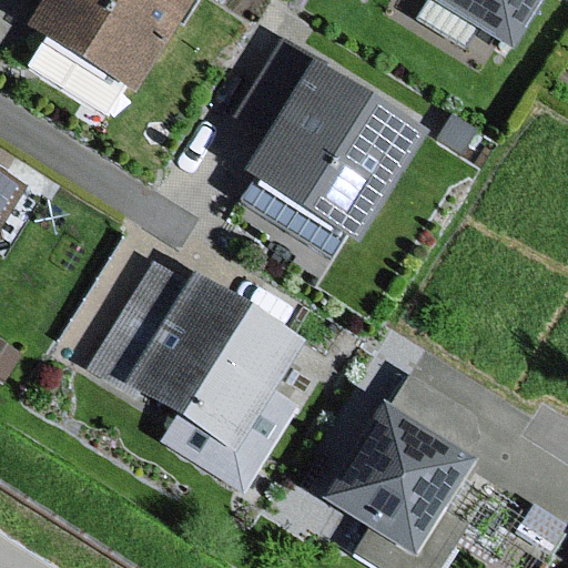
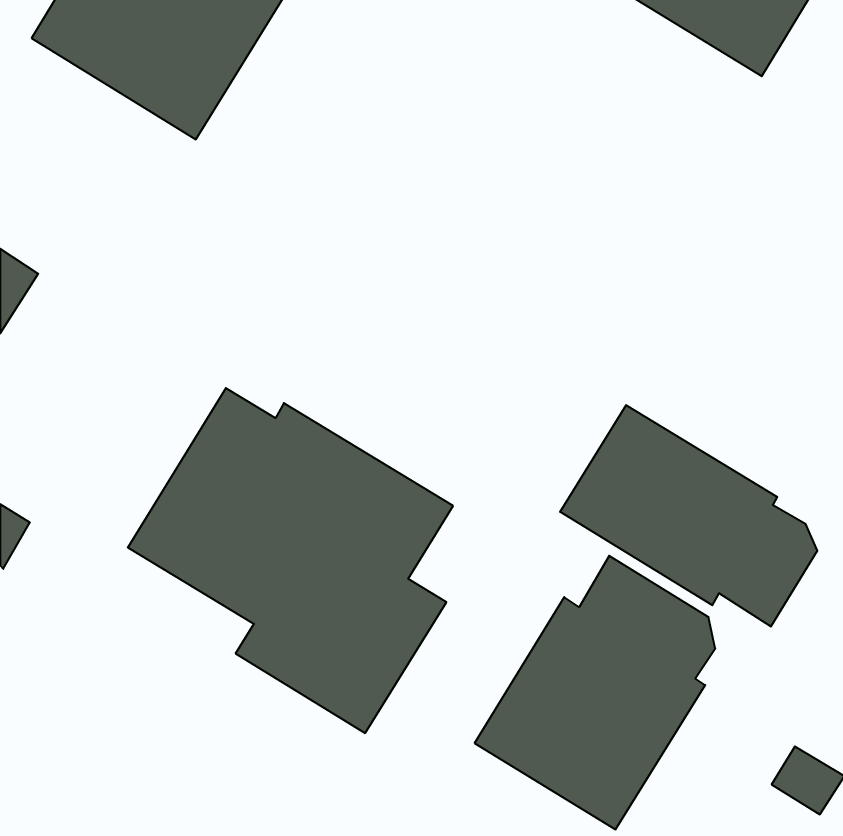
building: [235,41,426,242] -> none
building: none -> [560,405,817,627]

